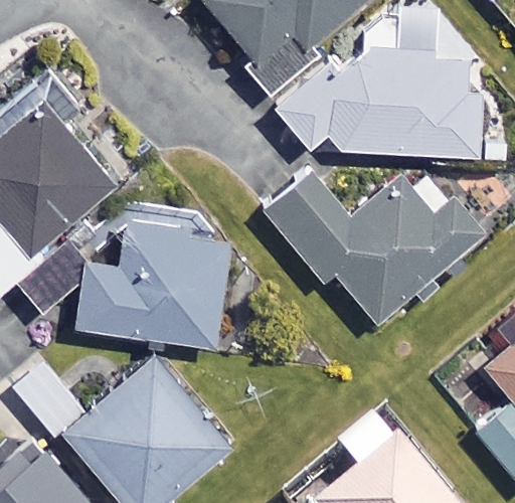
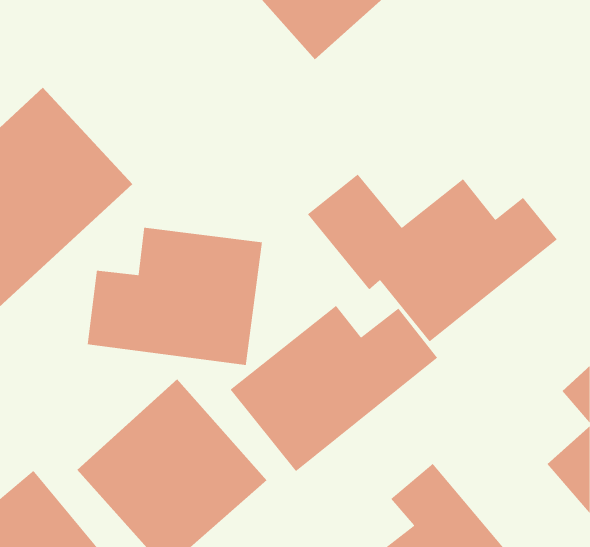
building: [278,29,482,153] -> none
building: none -> [230,305,438,472]

